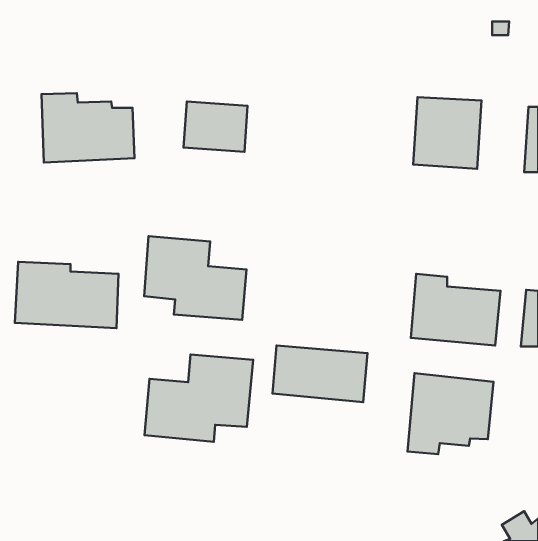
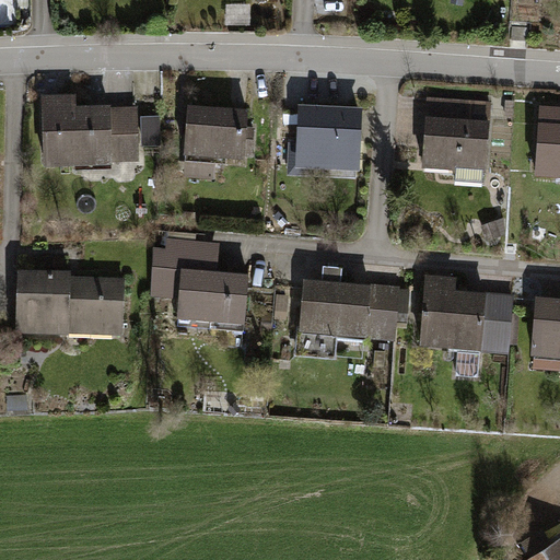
building: none -> [301,108,362,165]
building: [272,346,367,402] -> [302,281,399,339]
building: [145,354,253,442] -> none
building: [408,373,493,454] -> none

